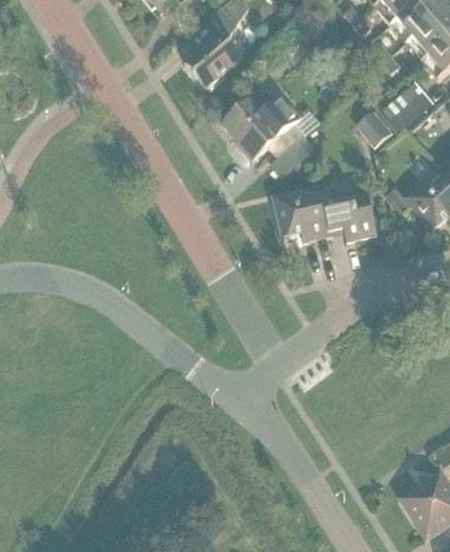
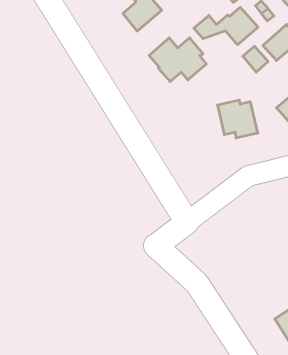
building: none -> [194,7,258,45]
building: [273,188,330,241] -> none

